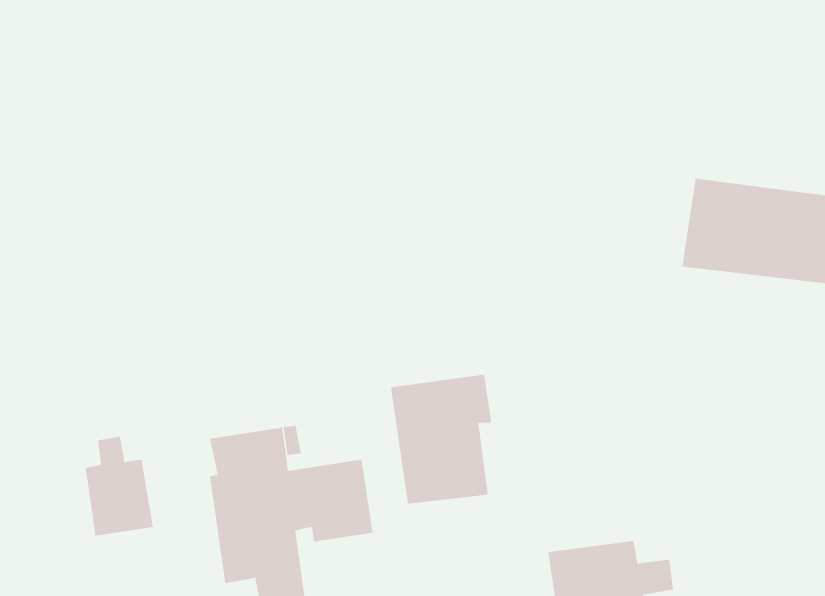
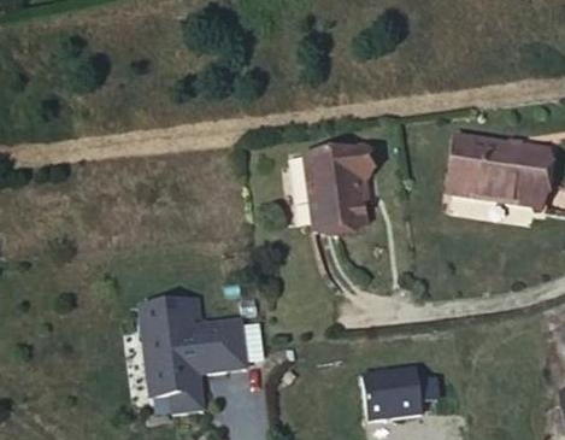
building: [390,374,492,504] -> [306,147,371,230]
building: [85,436,154,536] -> none

